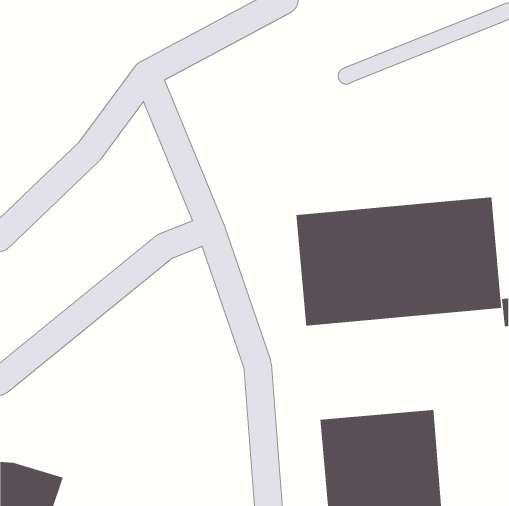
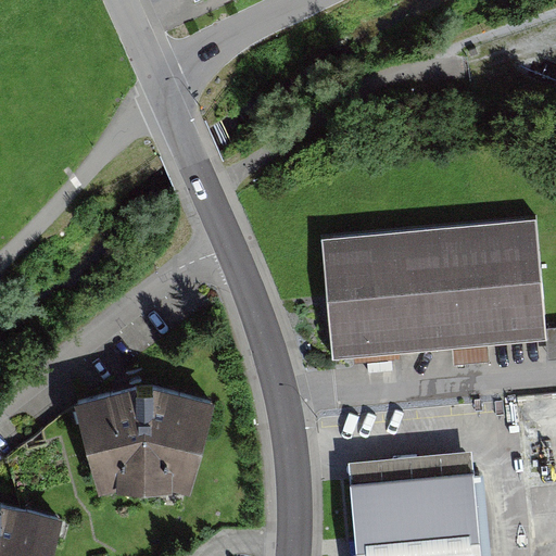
building: none -> [73,392,214,500]

